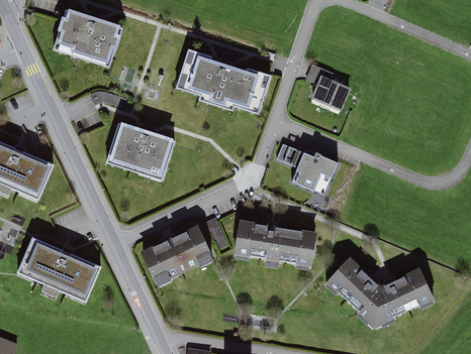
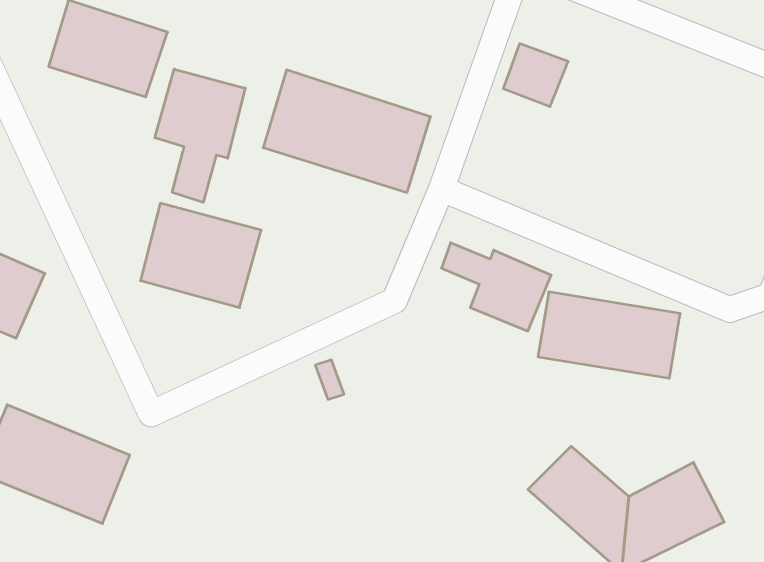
building: none -> [155,69,245,202]
building: [312,76,349,111] -> [503,44,568,107]
building: [233,222,313,270] -> [538,292,680,378]
building: [143,227,212,283] -> none

